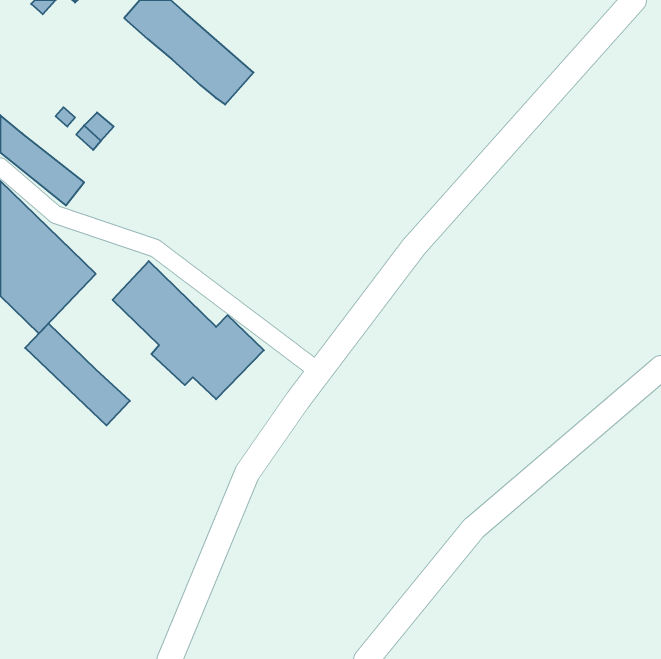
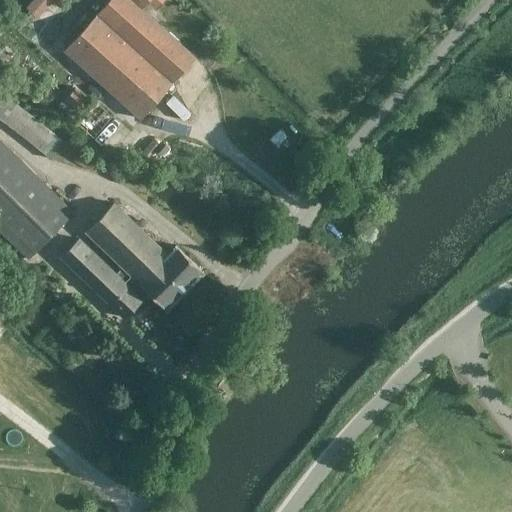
building: none -> [64,15,174,119]
building: [25,323,130,425] -> [62,239,143,318]

